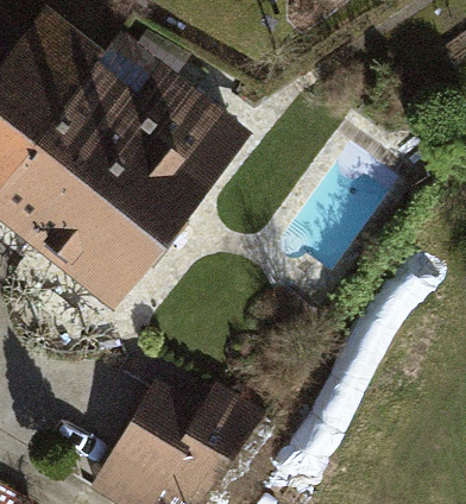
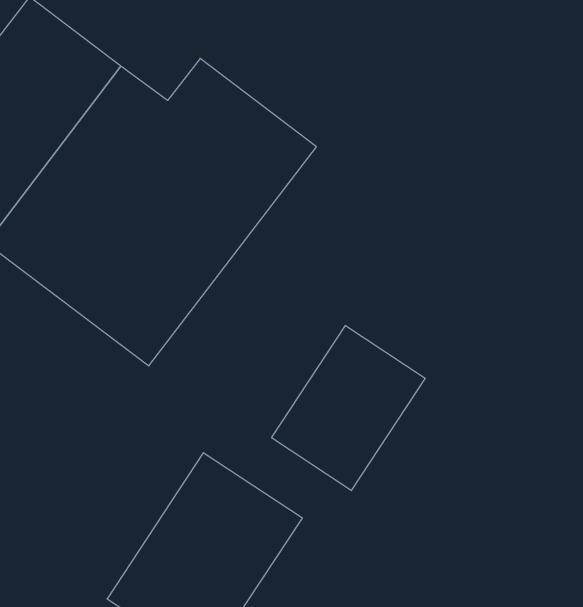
building: none -> [272,325,425,491]

